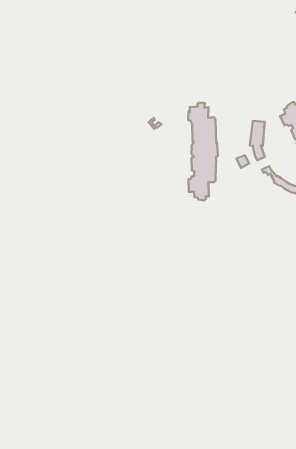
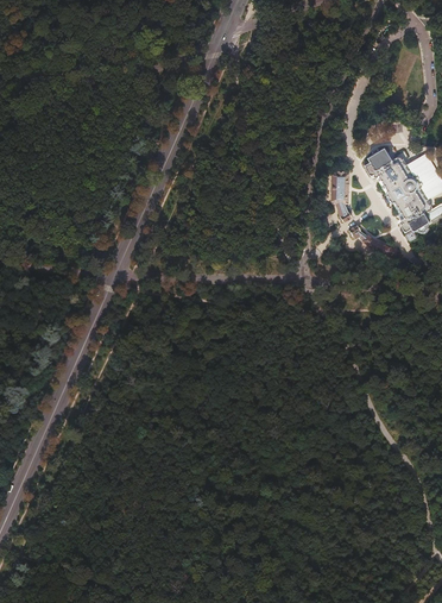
building: [188,103,218,200] -> none

